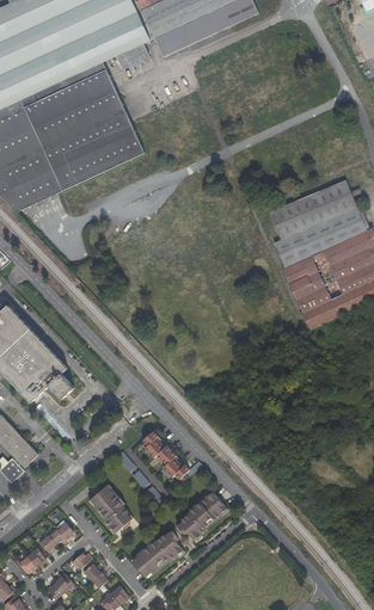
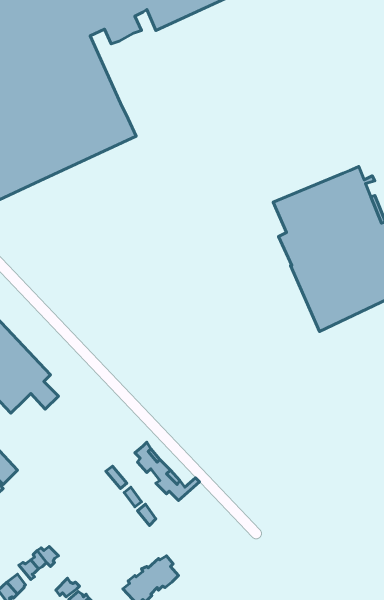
building: [90,485,130,532] -> none
building: [176,492,226,540] -> none

